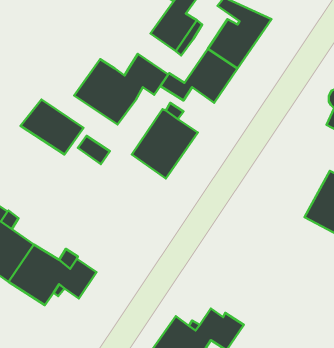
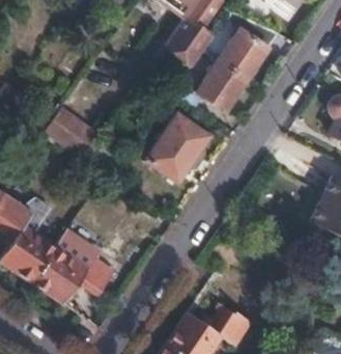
building: [74,54,168,124] -> none

